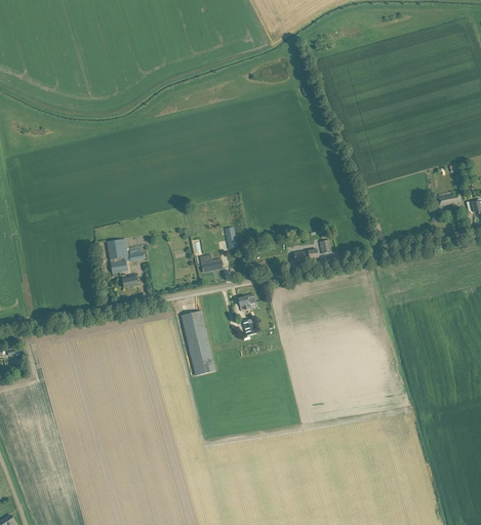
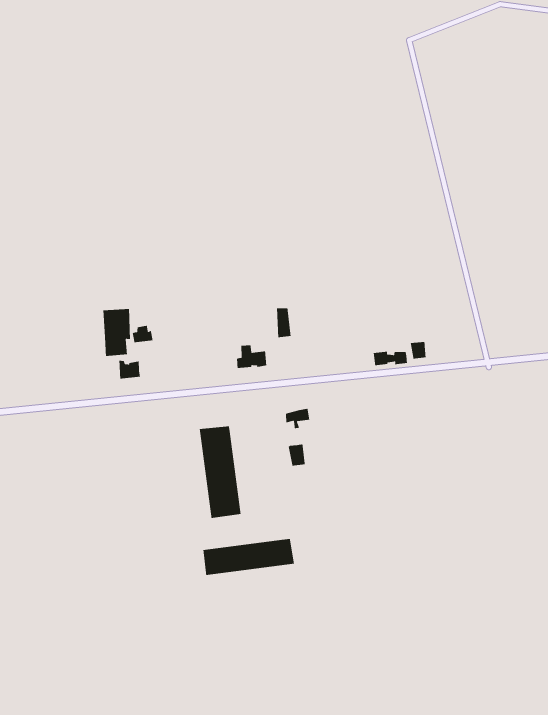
building: none -> [202,538,295,576]

